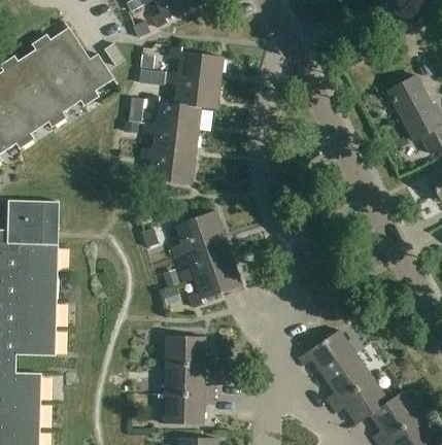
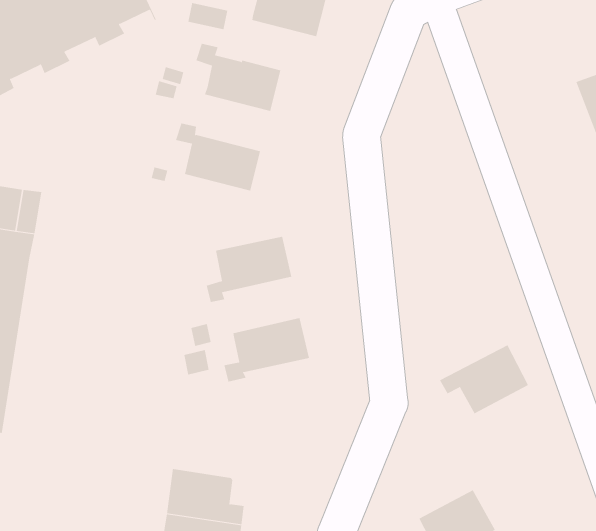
building: [166,72,219,108] -> none
building: [142,122,197,159] -> none
building: [179,235,232,281] -> none
building: [298,330,354,376] -> [439,345,529,414]
building: [164,335,213,368] -> none

